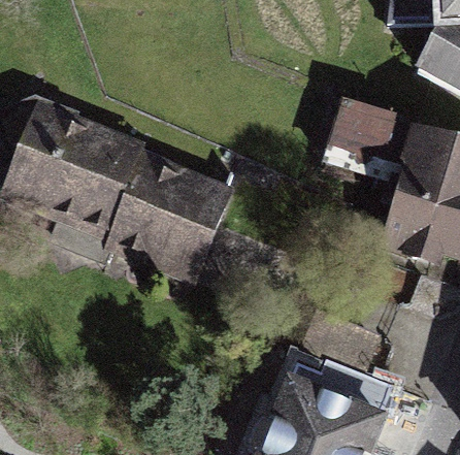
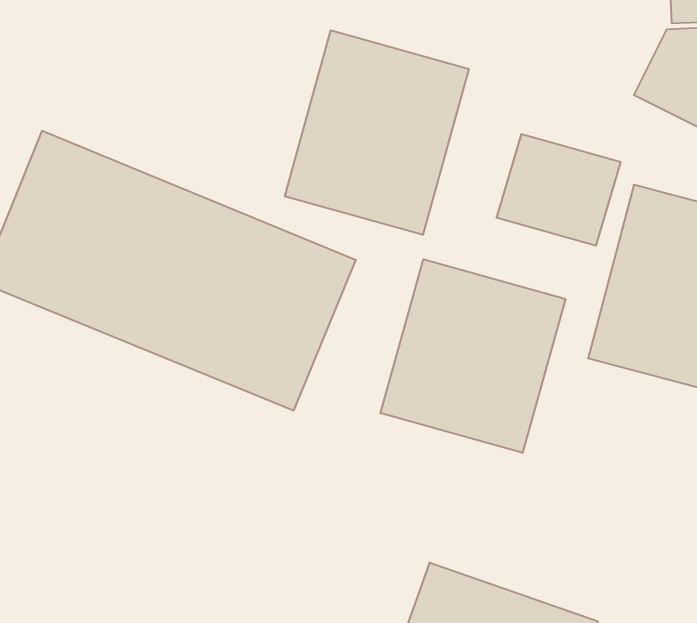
building: none -> [285,30,469,235]
building: none -> [380,259,565,453]

